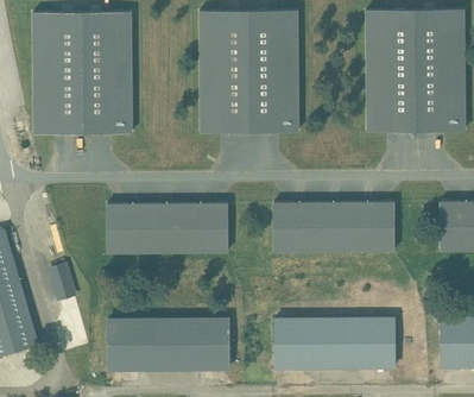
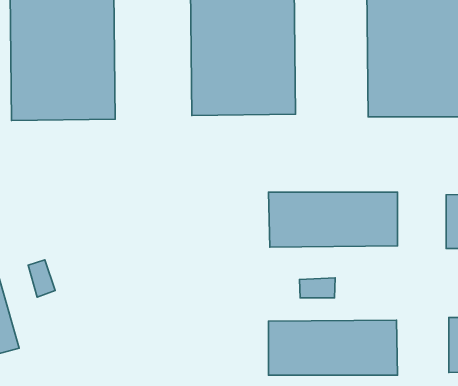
building: [108,202,228,253] -> none
building: none -> [300,278,335,298]
building: [108,317,227,368] -> none

